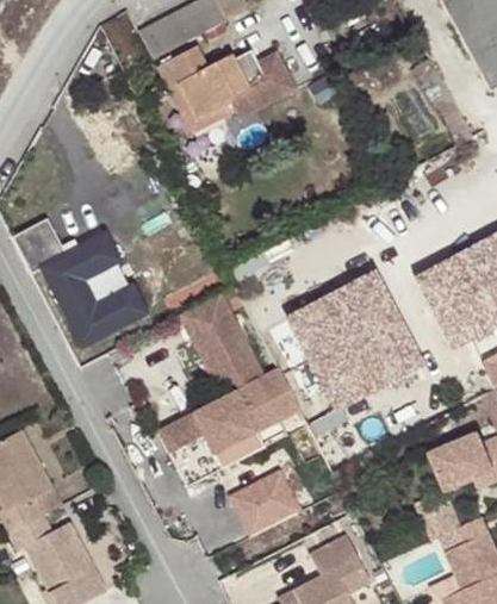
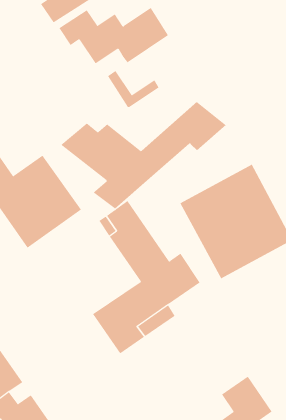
building: [173,85,237,133] -> [107,70,159,108]
building: none -> [60,101,227,210]
building: [229,466,304,535] -> none

